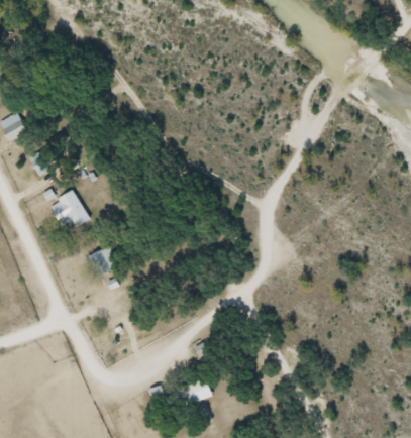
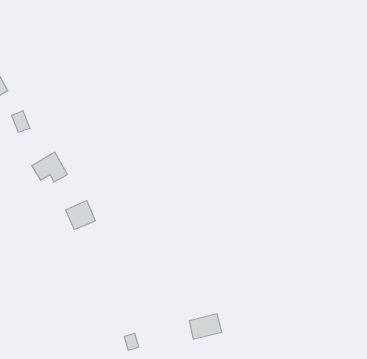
building: [178,378,212,405] -> [189,314,222,339]

